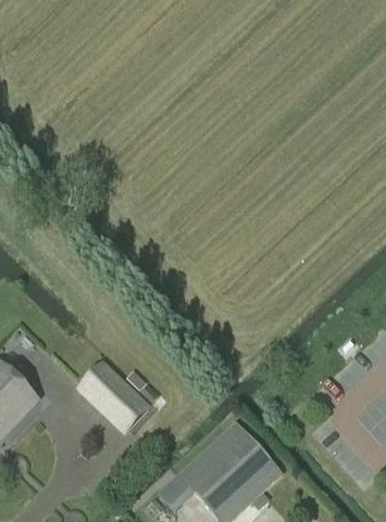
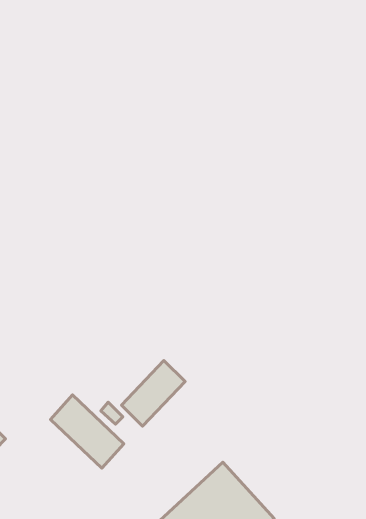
building: none -> [121,360,185,426]

